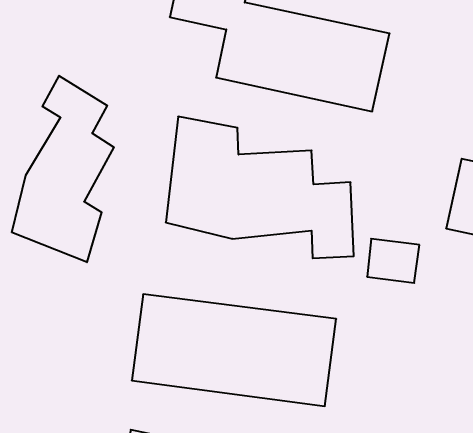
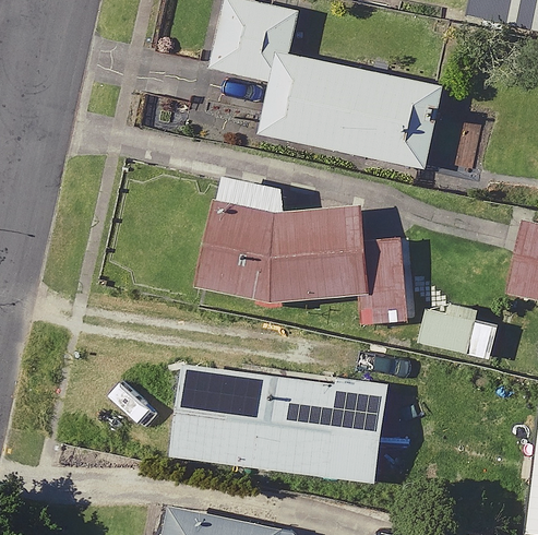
building: [12,76,114,262] -> none

